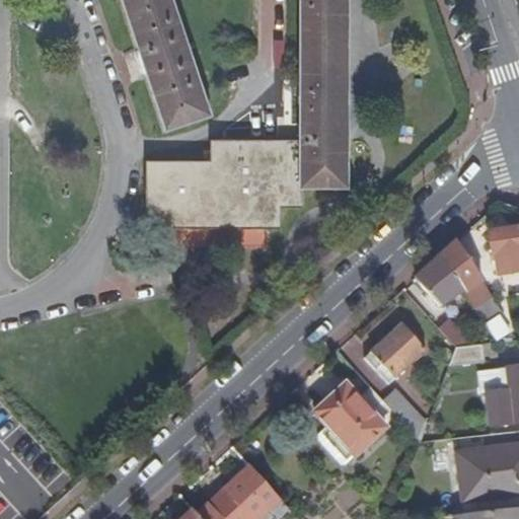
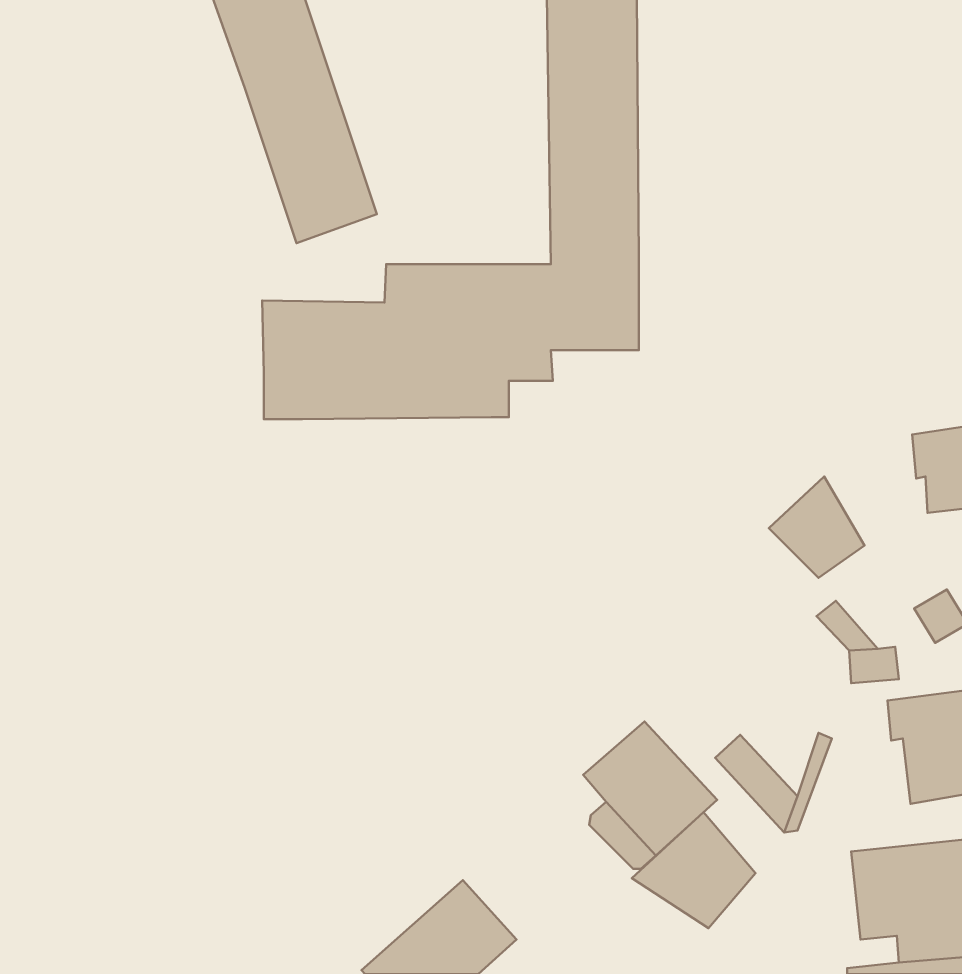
building: [445,239,504,322] -> none
building: [367,322,429,383] -> none
building: none -> [632,812,755,928]

